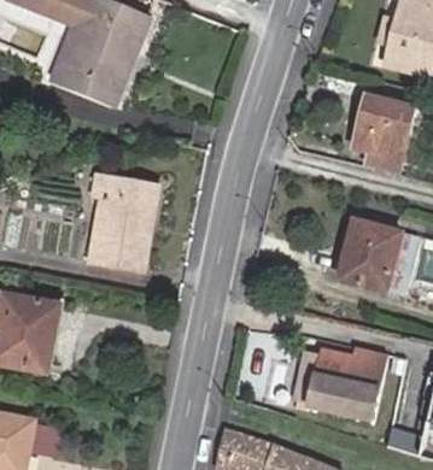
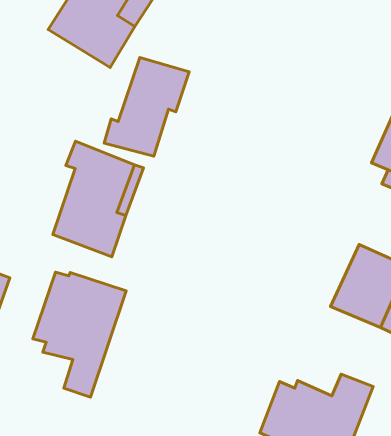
building: none -> [104,58,189,156]
building: none -> [33,272,126,397]

